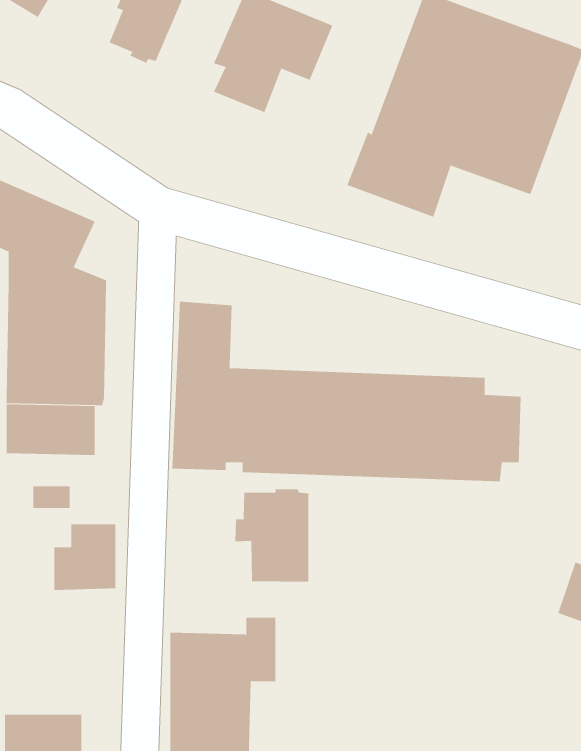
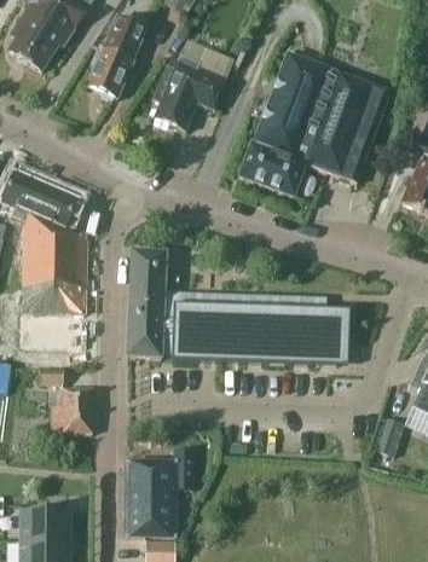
building: [235,488,309,582] -> none

